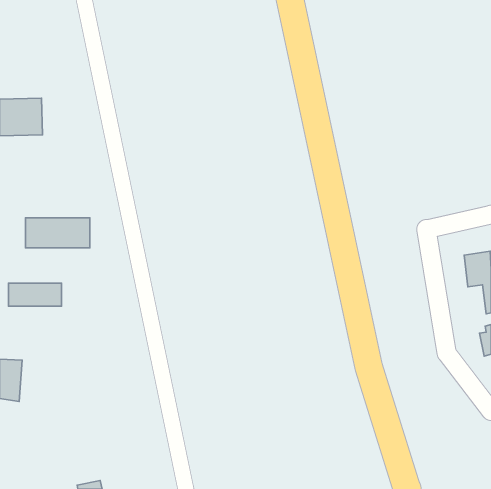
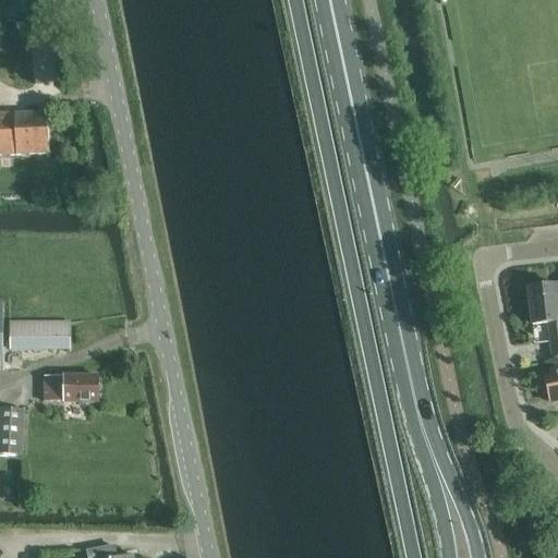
building: [26,218,90,248] -> none
building: none -> [45,374,97,400]

